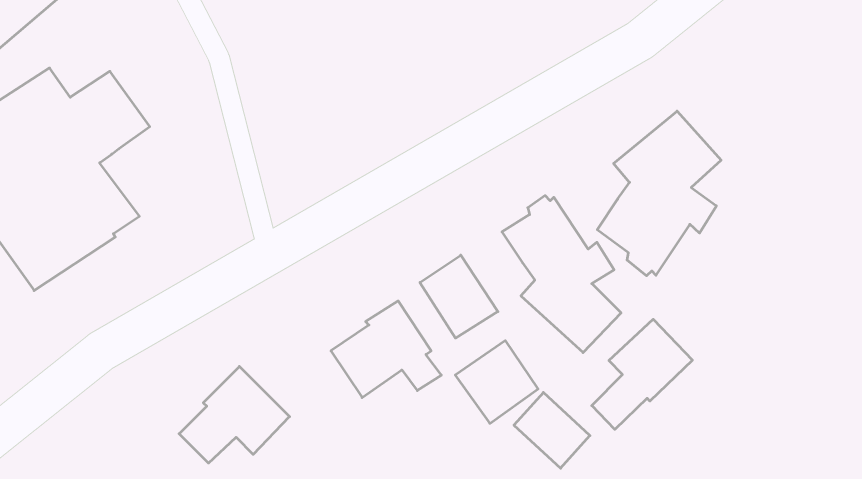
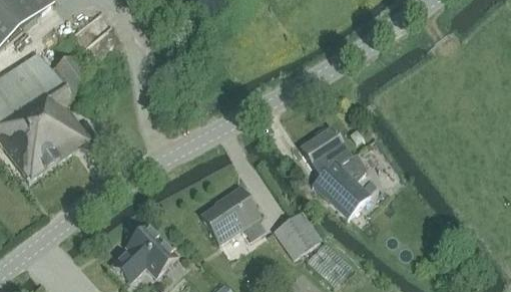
building: [597,111,721,276] -> none
building: [420,255,498,338] -> none
building: [592,319,692,429] -> none

